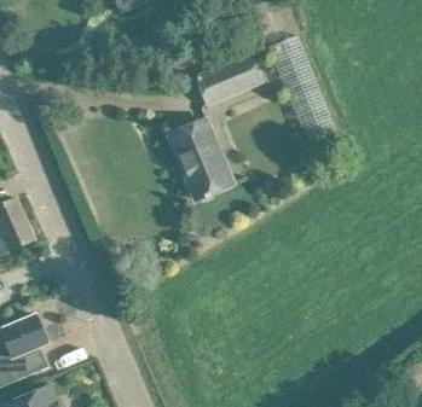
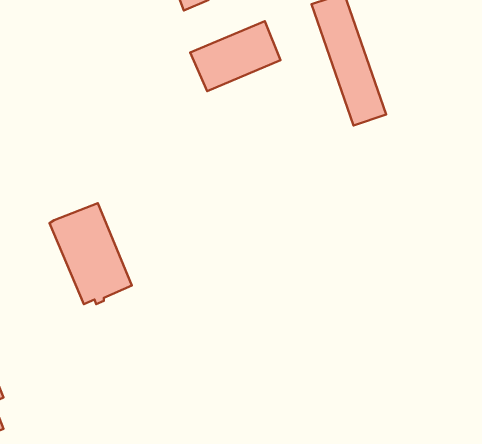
building: [168,121,232,199] -> [50,203,132,304]

